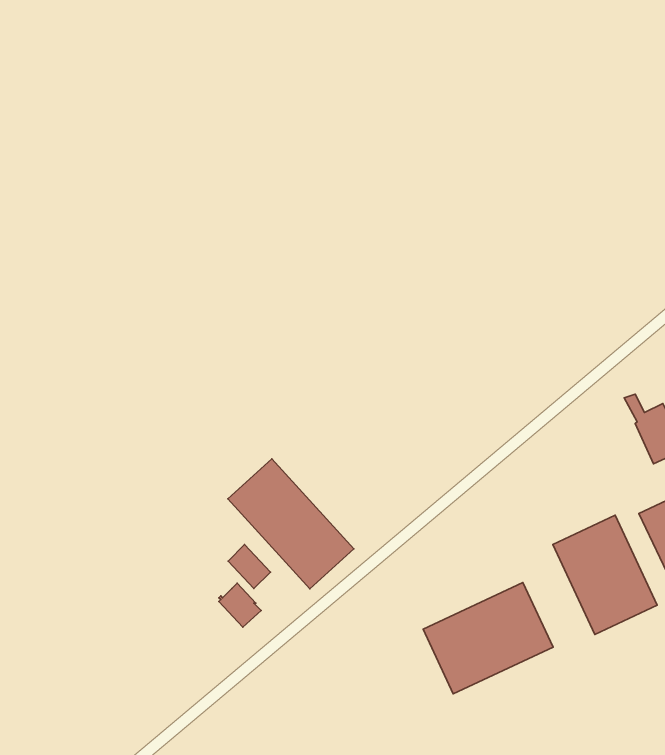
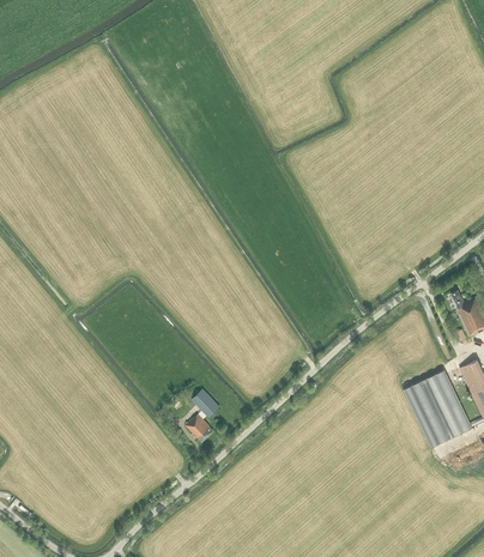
building: [228,459,354,589] -> none
building: [423,582,553,694] -> none

